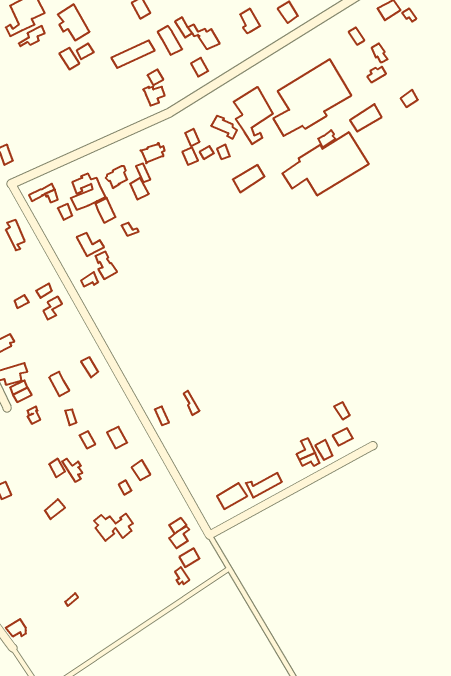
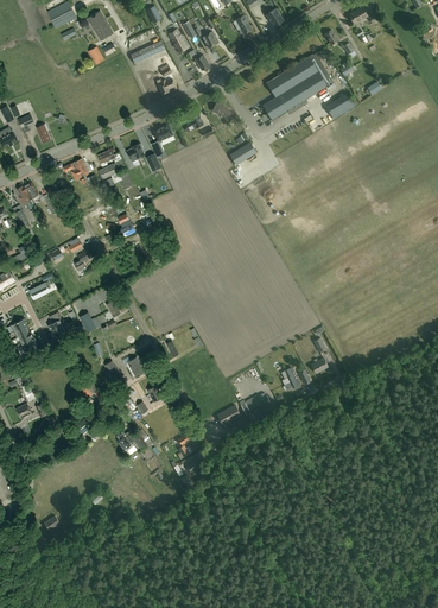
building: [234,87,273,144] -> none
building: [282,132,369,196] -> none

